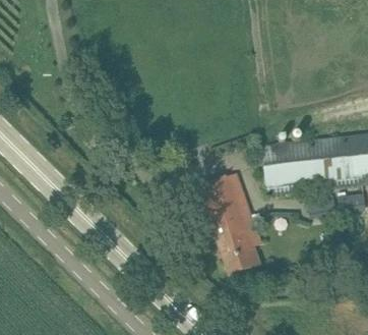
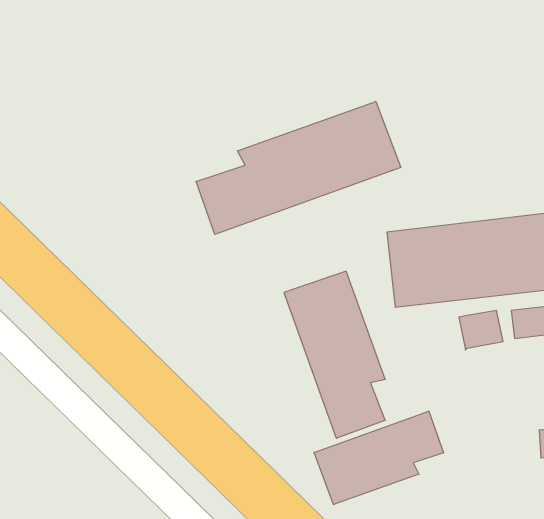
building: none -> [196,101,401,234]
building: none -> [314,411,443,505]

